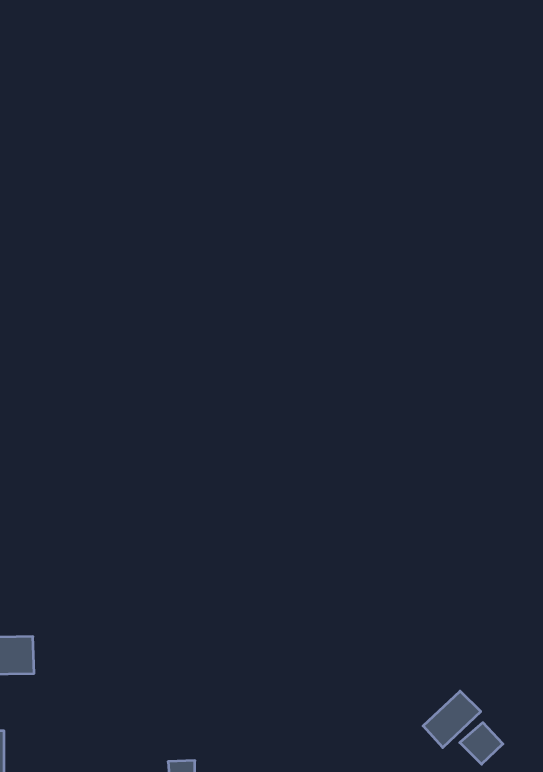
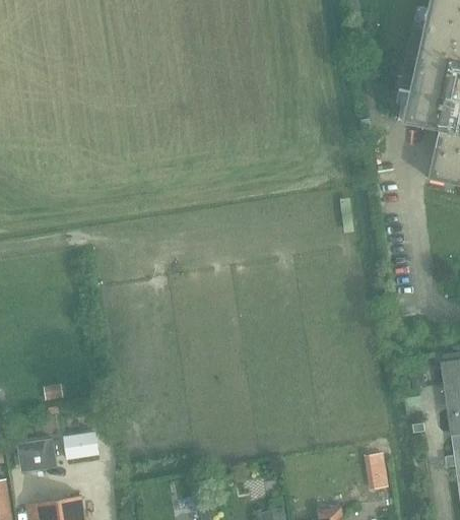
building: [423,691,481,748] -> none

